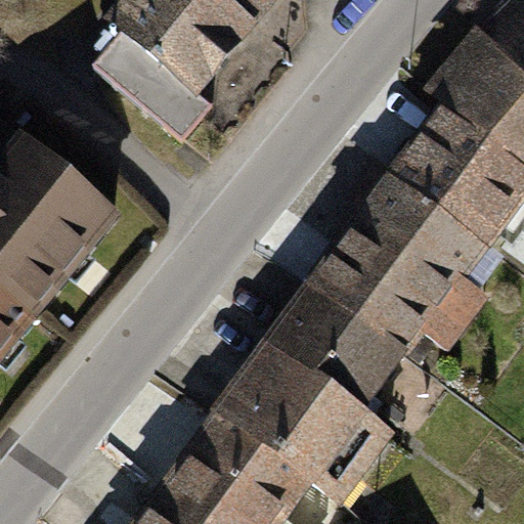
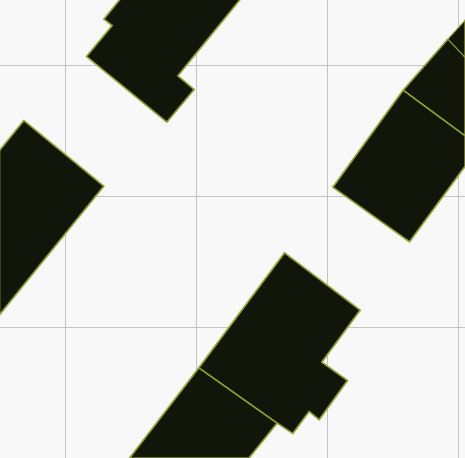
building: [319,210,488,348] -> none

